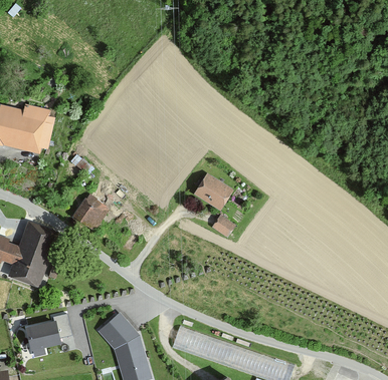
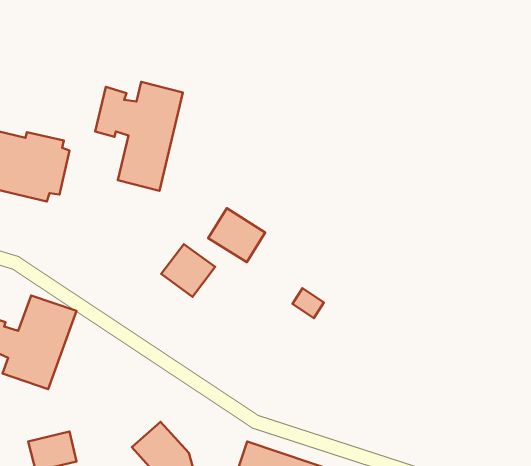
building: none -> [95,82,183,191]
building: [194,173,234,212] -> [208,208,265,262]
building: [72,196,111,233] -> [161,244,215,297]

